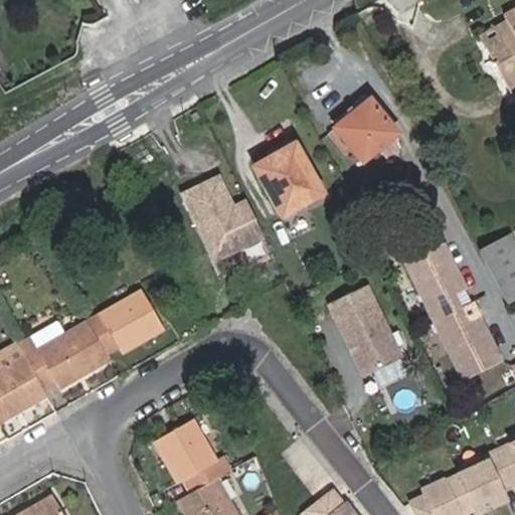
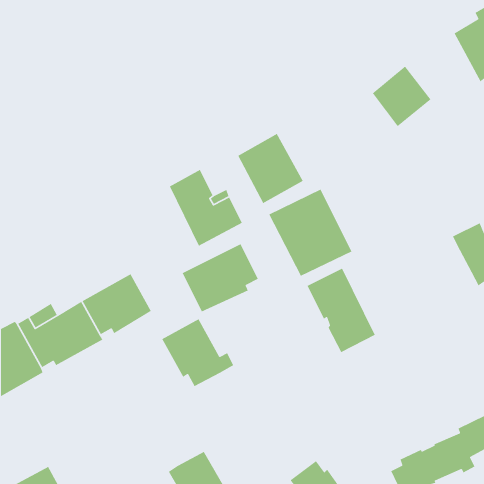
building: [335,99,398,164] -> [372,65,432,127]
building: none -> [268,188,353,277]
building: [407,240,504,378] -> none
building: none -> [181,243,259,313]
building: [154,420,231,494] -> [161,318,234,387]

